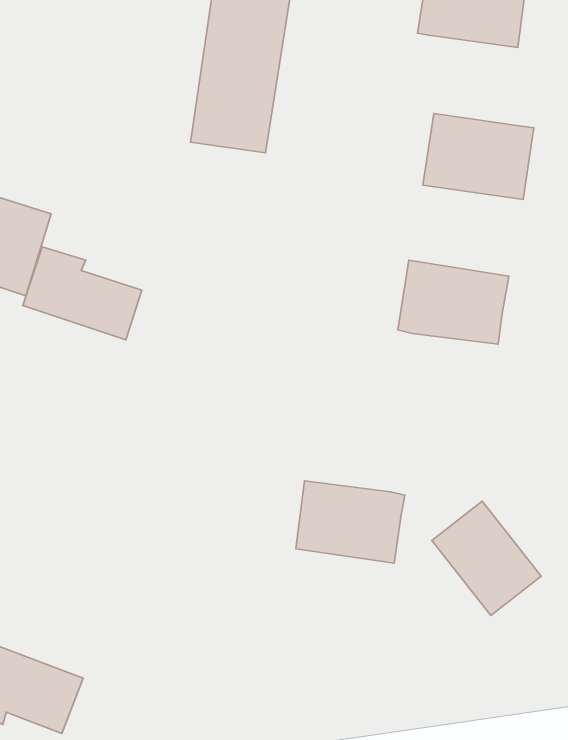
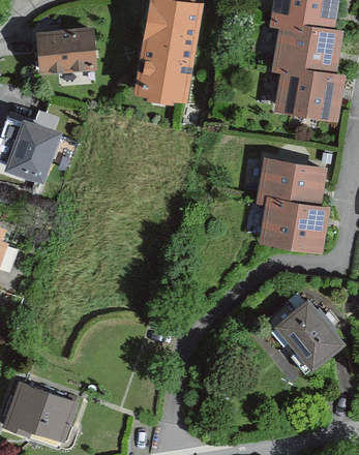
building: none -> [37,30,93,68]
building: none -> [270,31,336,84]
building: [23,247,142,340] -> none
building: [296,481,405,563] -> [262,204,325,251]

